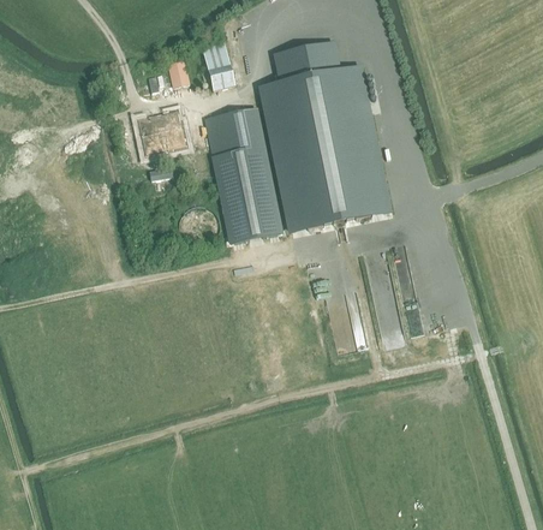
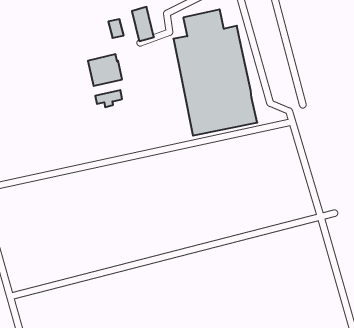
building: [205,108,280,243] -> none

